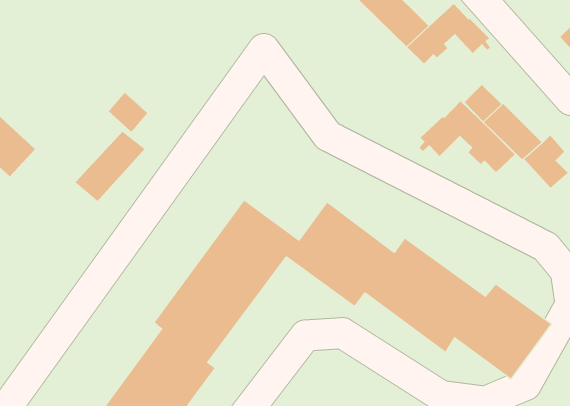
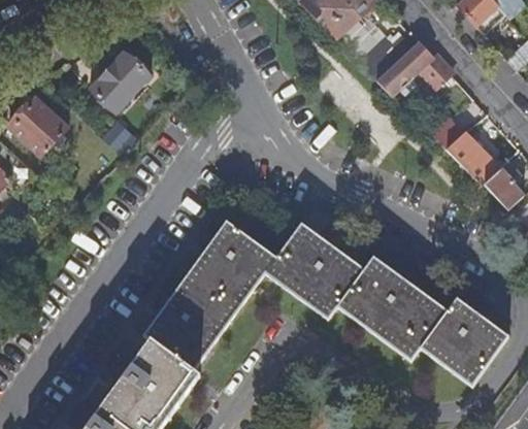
building: none -> [90,53,148,112]
building: none -> [8,99,67,157]
building: [419,101,515,172] -> none
building: [74,131,146,202] -> none

